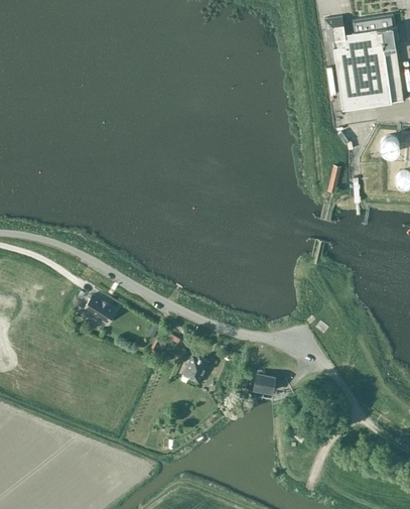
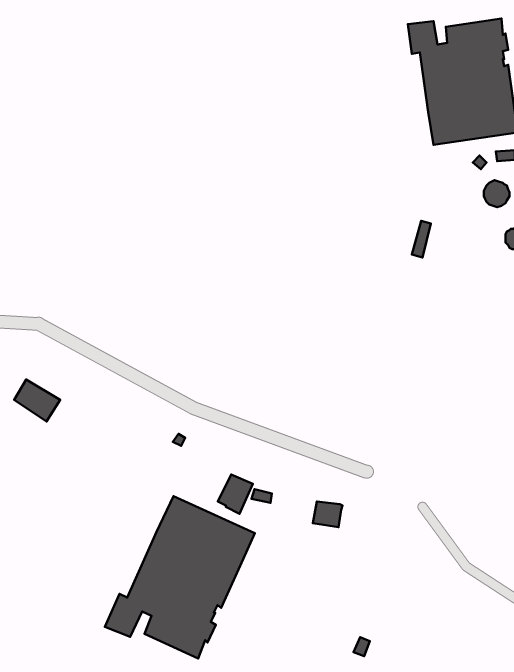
building: [83,294,117,326] -> [14,380,60,422]
building: none -> [105,496,255,658]

